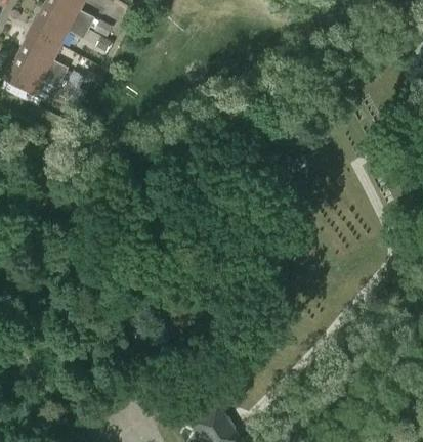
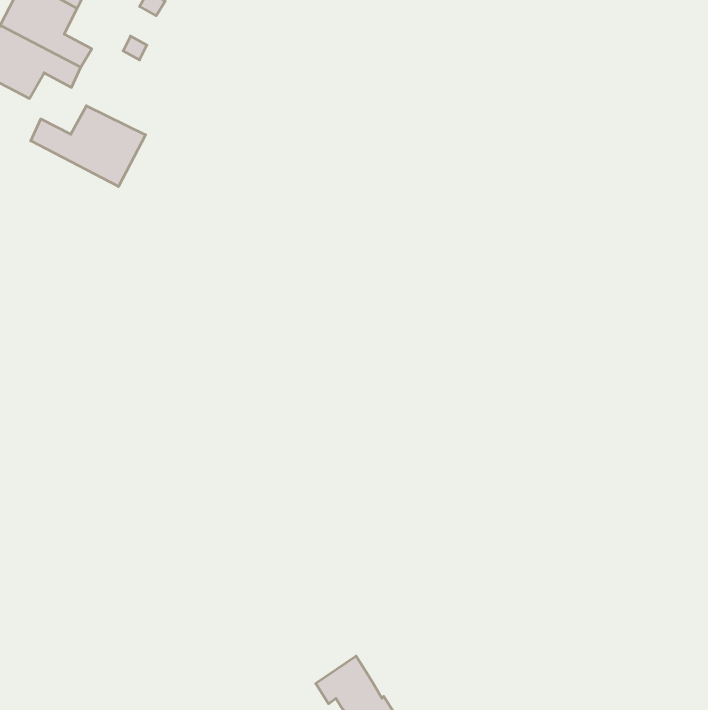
building: none -> [31,106,146,187]

